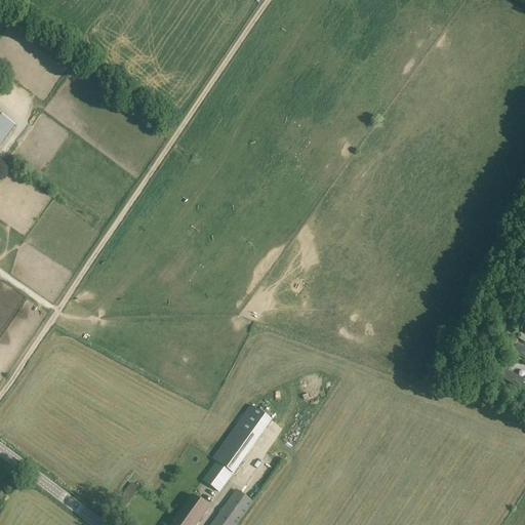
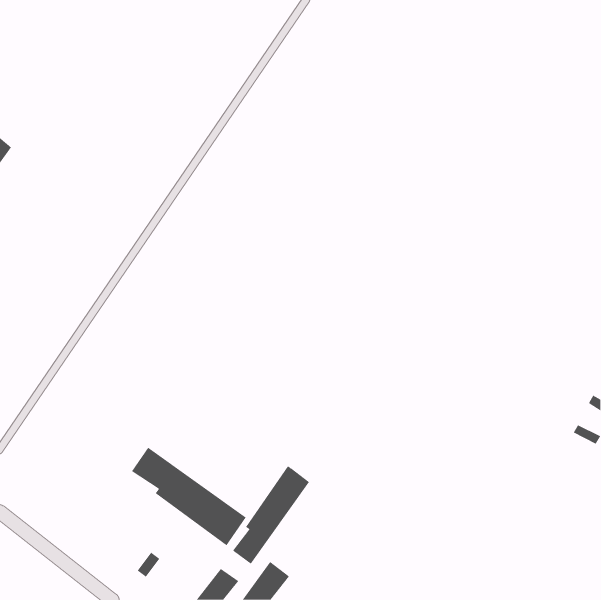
building: none -> [131,447,247,546]

